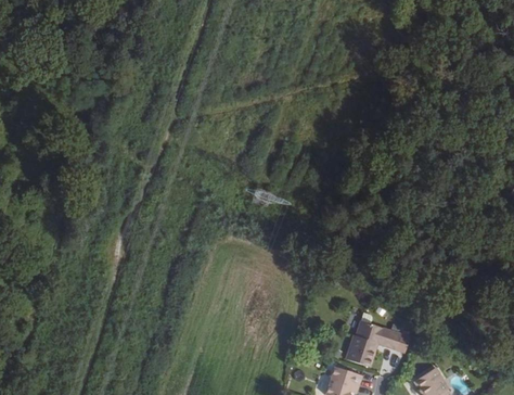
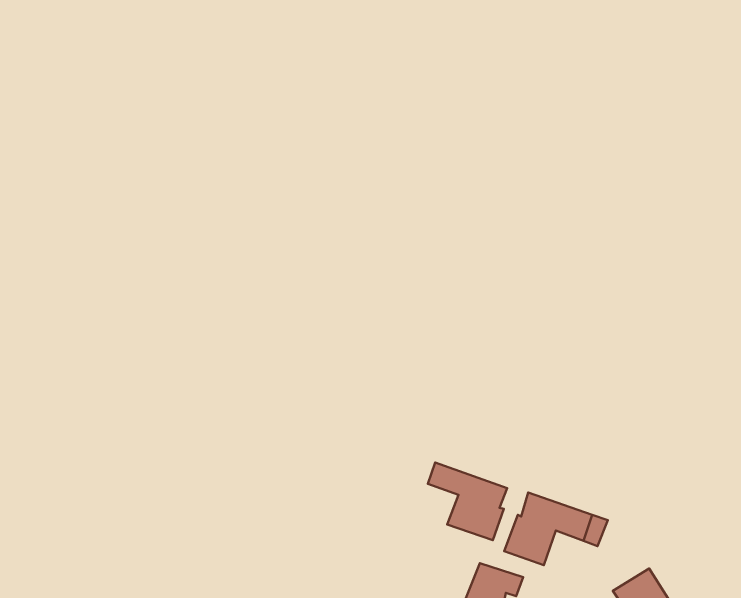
building: none -> [428,463,507,540]

